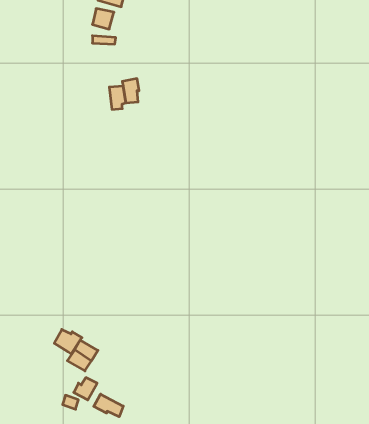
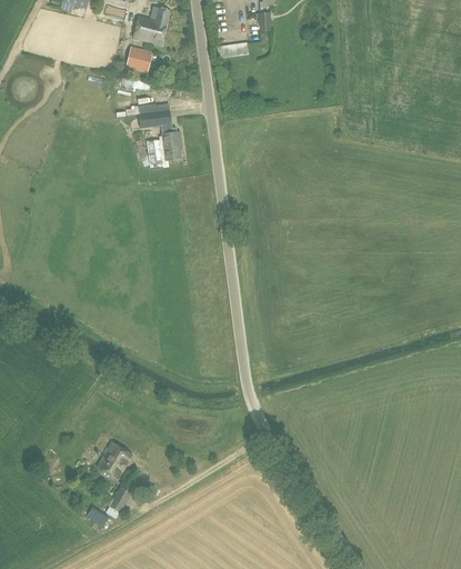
building: none -> [137,104,171,128]
building: [54,329,82,354] -> none
building: [94,394,123,417] -> none

